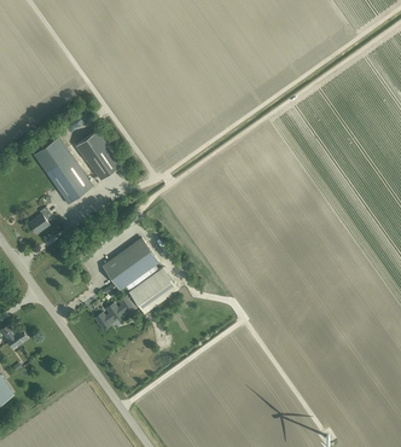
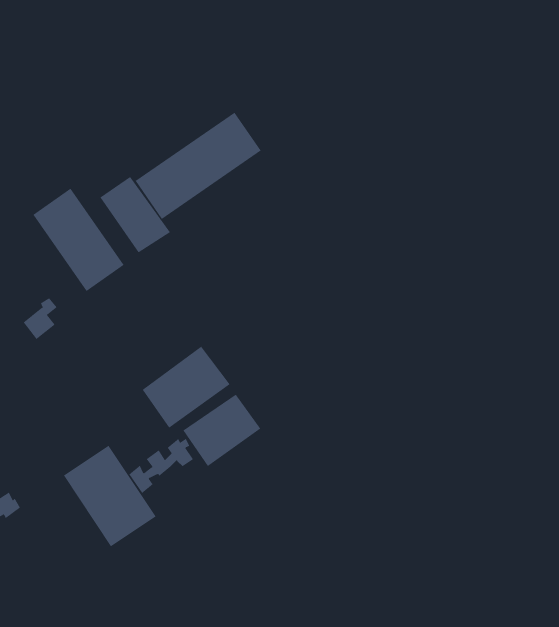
building: none -> [135,112,261,220]
building: none -> [63,445,157,547]

